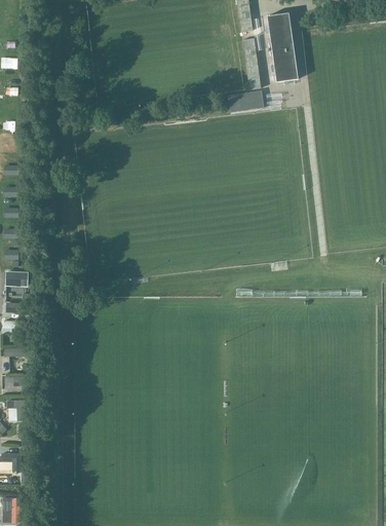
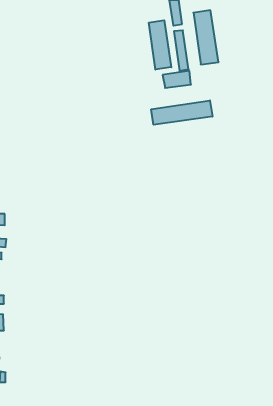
building: none -> [149,20,171,70]
building: none -> [151,100,212,125]

